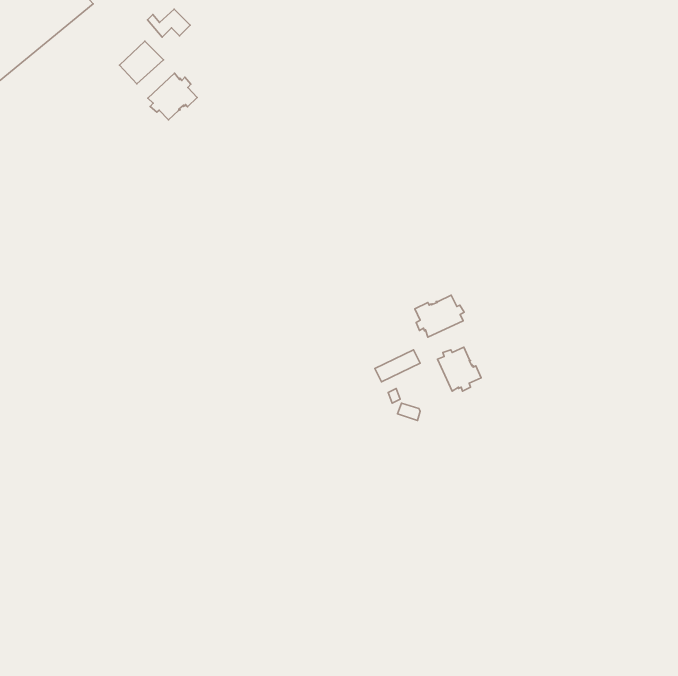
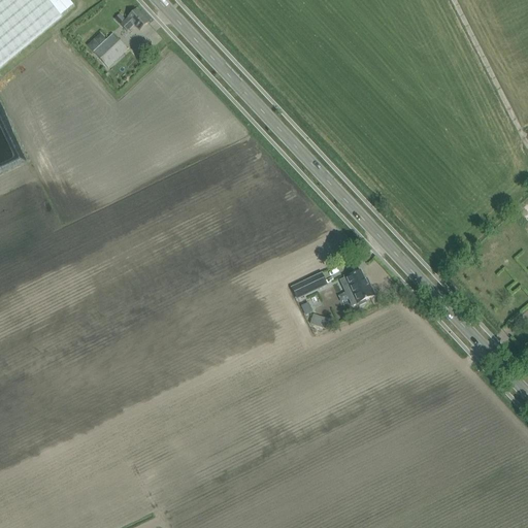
building: [148,73,197,120] -> none
building: [415,295,464,337] -> none

